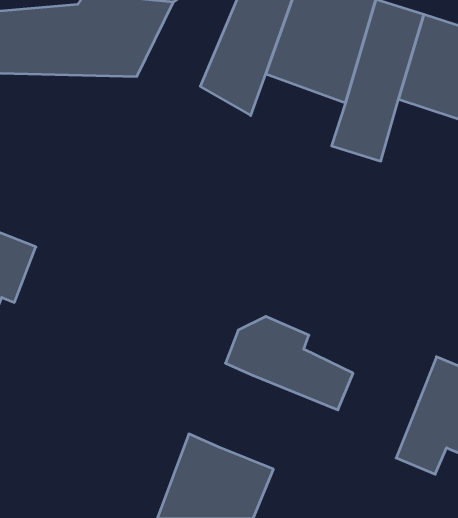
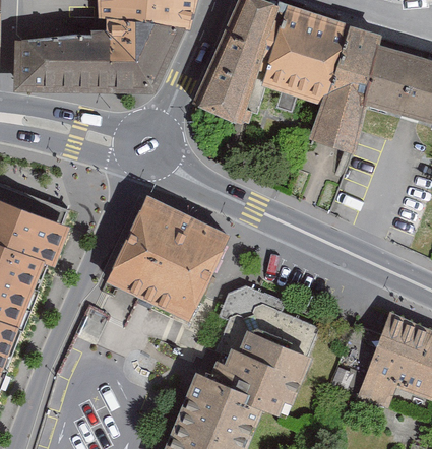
building: none -> [110,195,234,319]
building: none -> [215,329,310,416]

